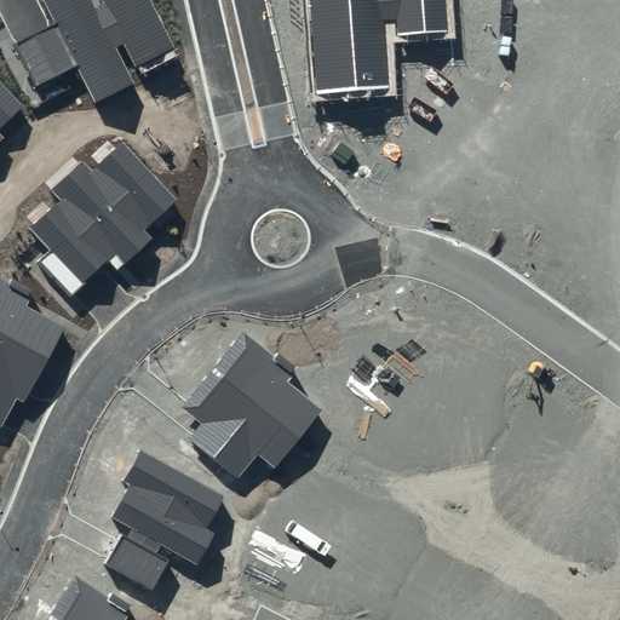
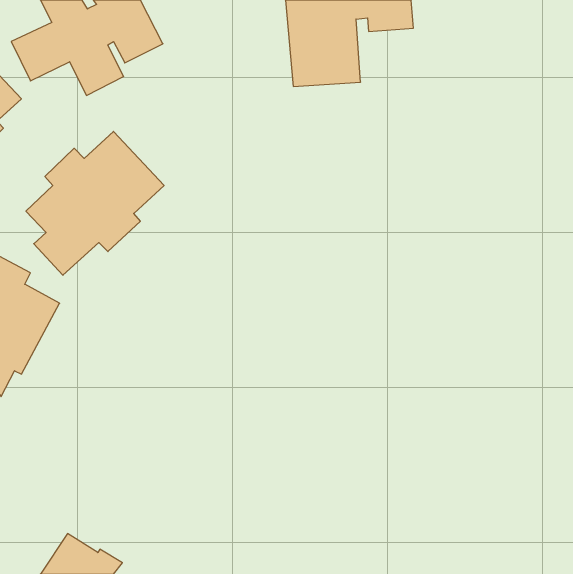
building: [180,332,320,478] -> none
building: [102,449,222,592] -> none

